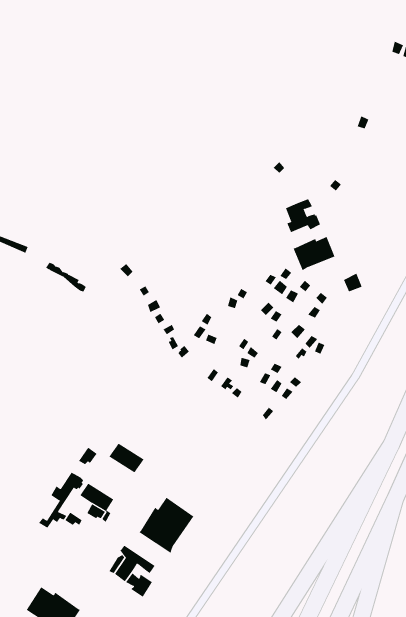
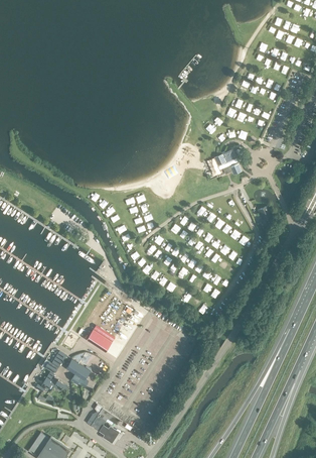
building: [293,236,335,271] -> none
building: [138,497,194,554] -> none

